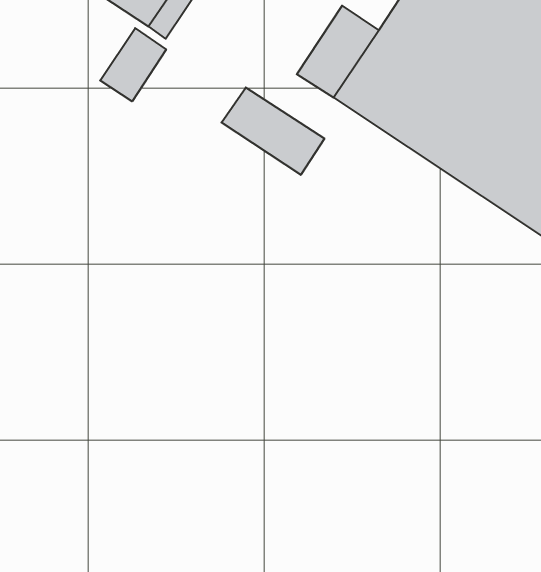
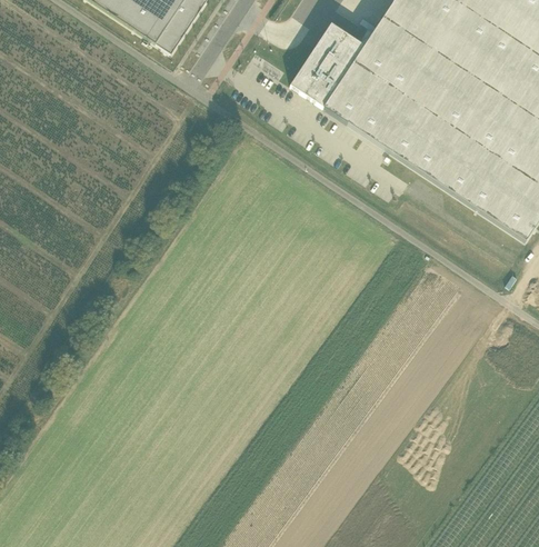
building: [100,28,166,101] -> none
building: [221,87,324,175] -> none

